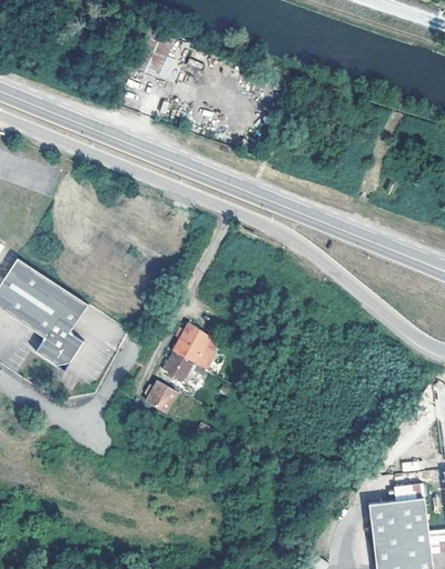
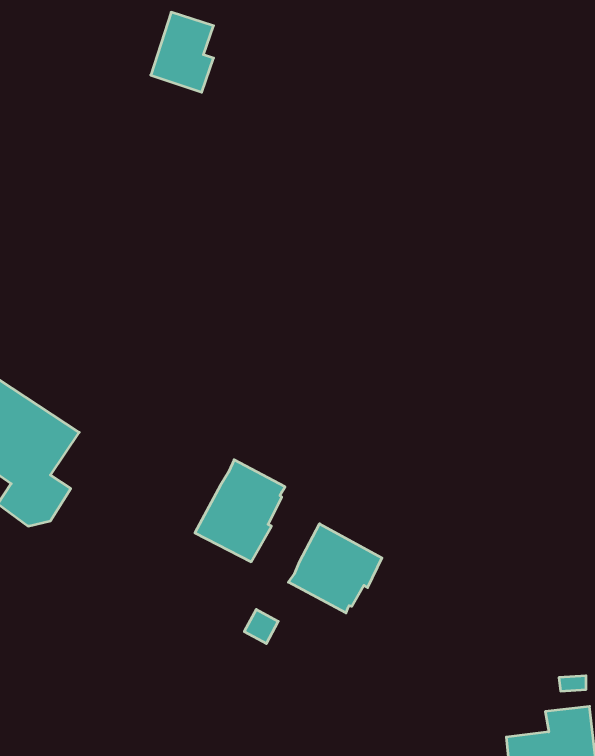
building: none -> [288,524,382,613]
building: [147,379,178,410] -> none

